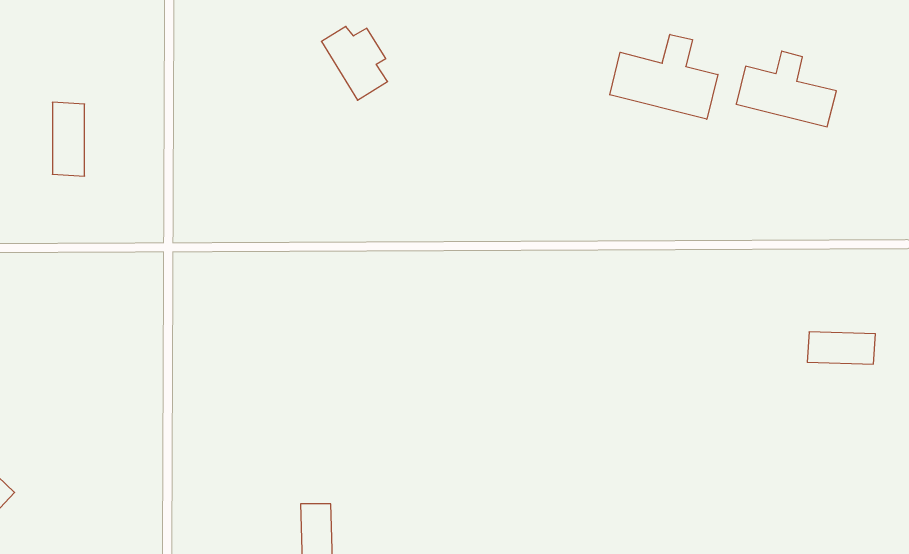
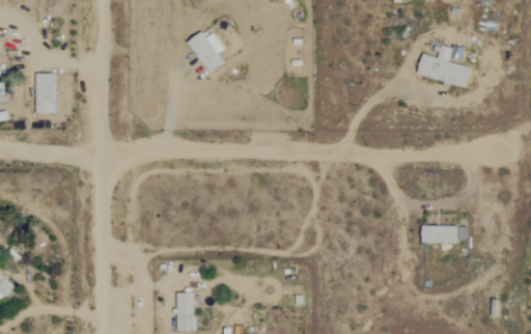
building: [610,34,718,119] -> none
building: [807,332,875,364] -> [419,225,456,243]

